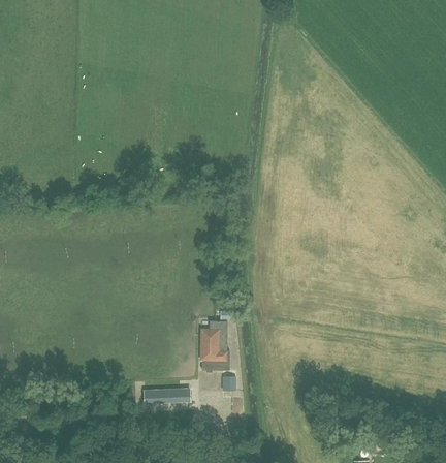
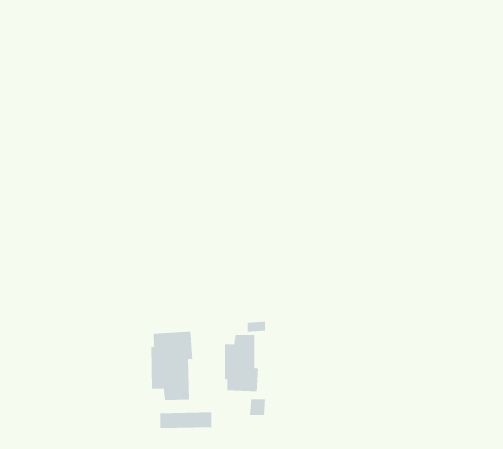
building: none -> [151,331,193,401]

